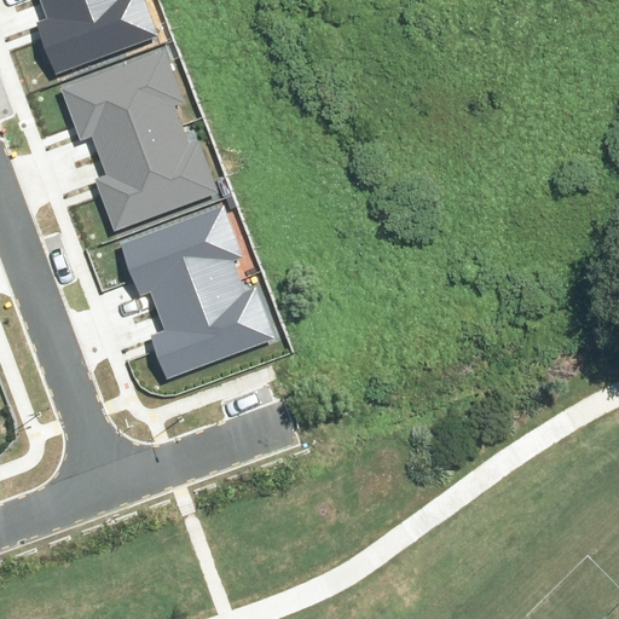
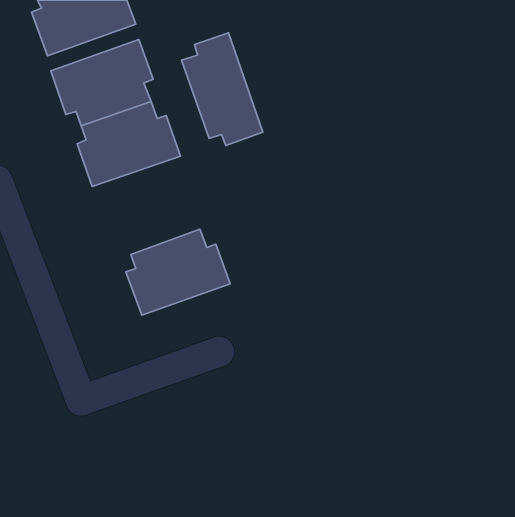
building: none -> [181,33,263,145]
building: [120,202,242,305] -> none

